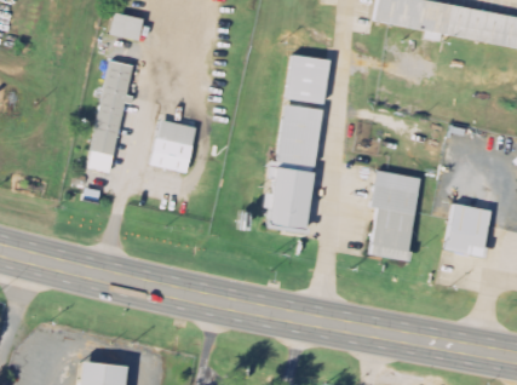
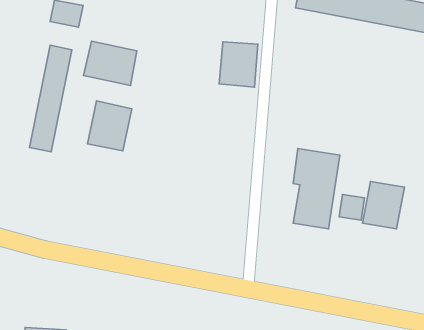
building: none -> [84,41,137,85]
building: [269,104,322,231] -> none
building: none -> [339,194,364,220]

